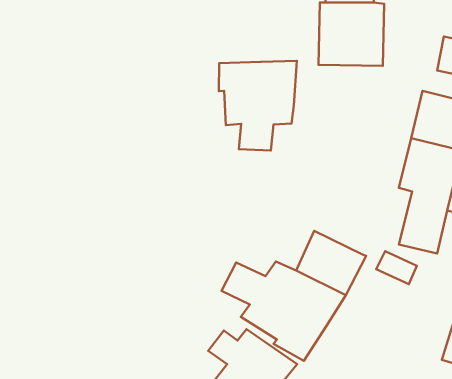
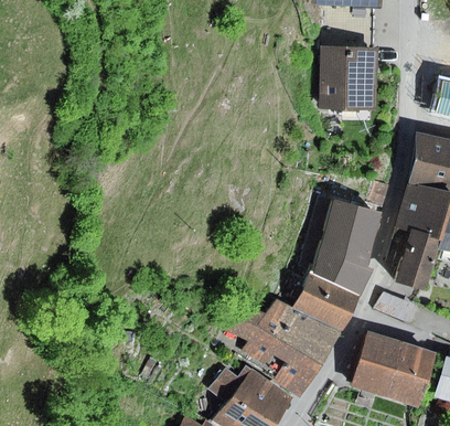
building: [219,61,297,150] -> none
building: none -> [311,196,377,292]
building: none -> [350,331,438,407]

